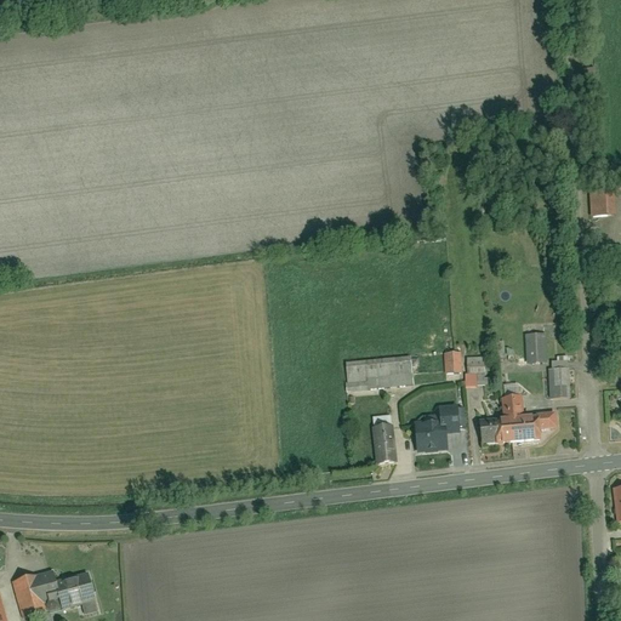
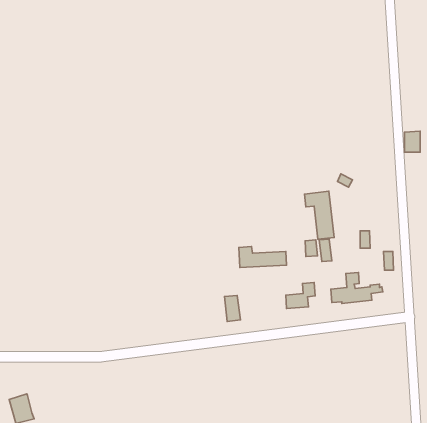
building: none -> [305,191,334,239]
building: [374,423,397,461] -> [225,296,240,321]
building: [40,570,95,605] -> none

